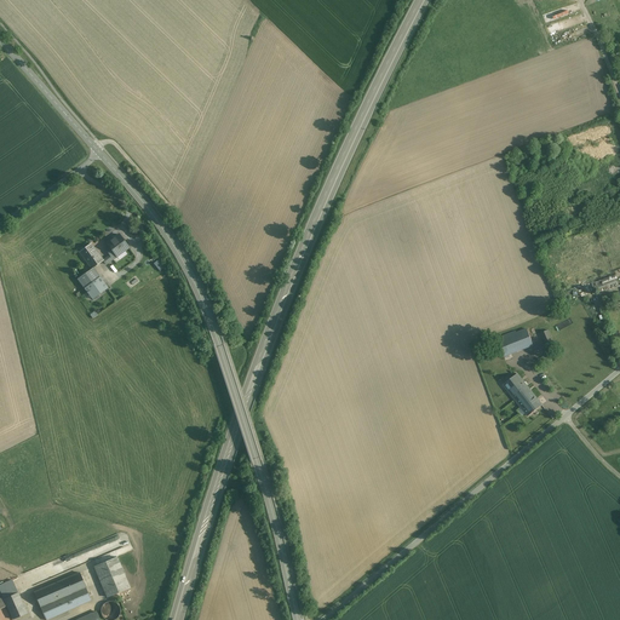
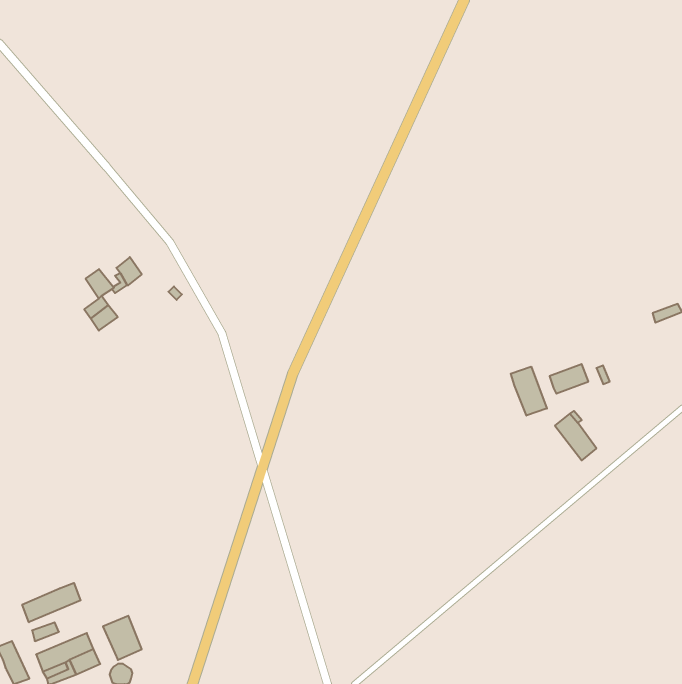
building: none -> [511,367,547,416]
building: none -> [22,583,81,622]

